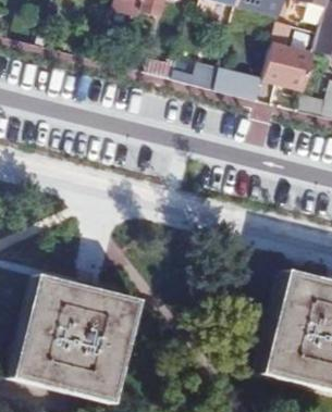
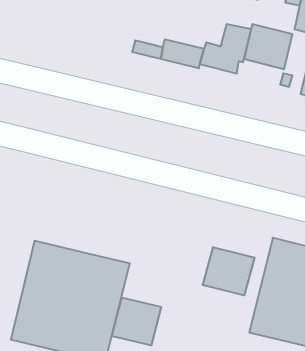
building: none -> [203,247,254,295]
building: none -> [112,297,161,346]

